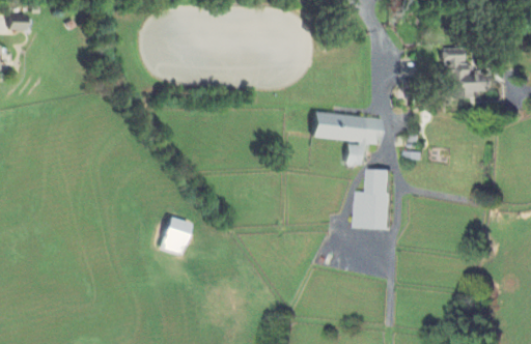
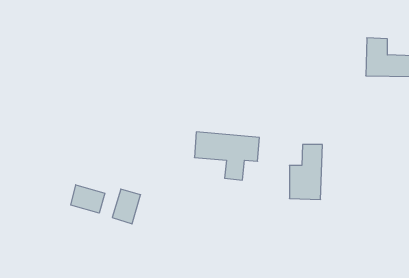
building: [311,111,383,164] -> [194,132,259,180]
building: none -> [71,185,105,213]

